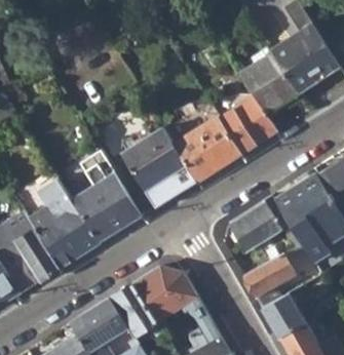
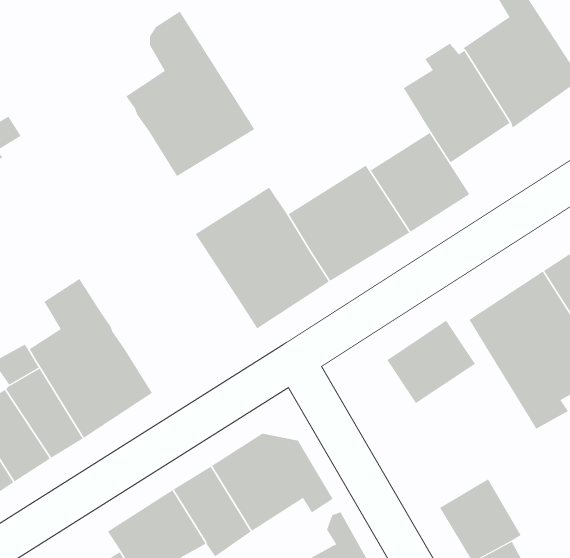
building: [69,151,142,244] -> [125,11,255,177]
building: [241,255,293,298] -> none

